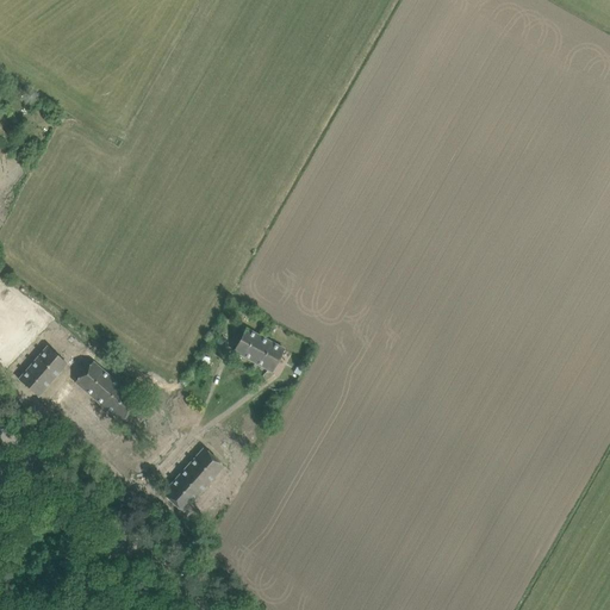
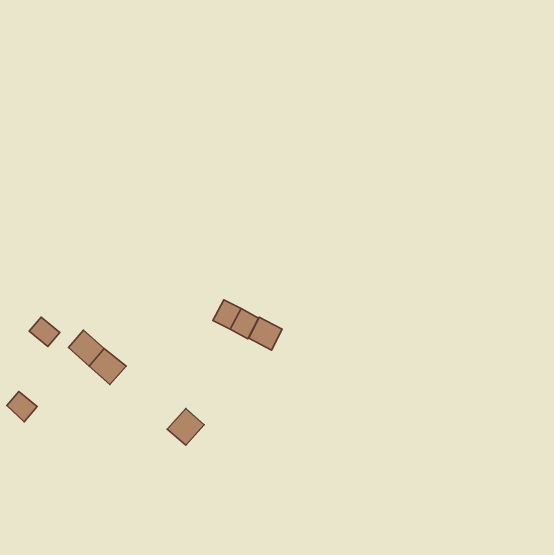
building: none -> [249,317,282,350]
building: [20,363,54,397] -> [7,391,37,422]
building: [164,471,205,511] -> none

